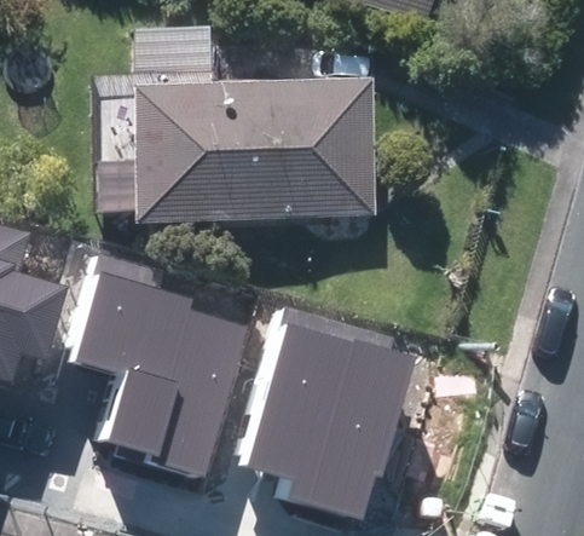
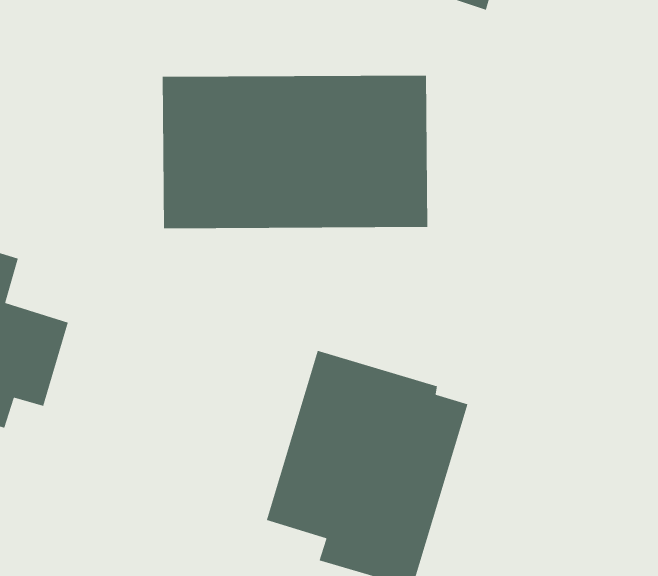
building: [74,278,244,480] -> none

